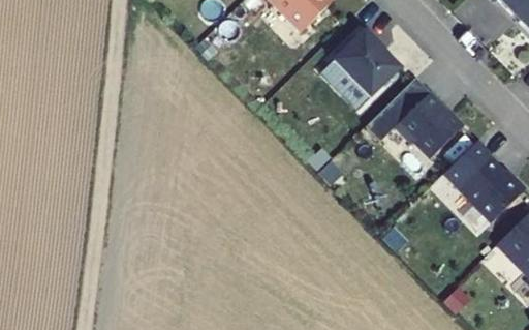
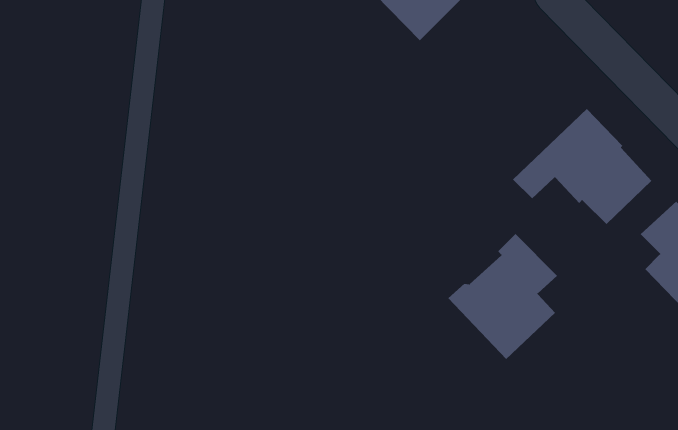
building: [335,29,398,109] -> none
building: none -> [448,233,558,360]

